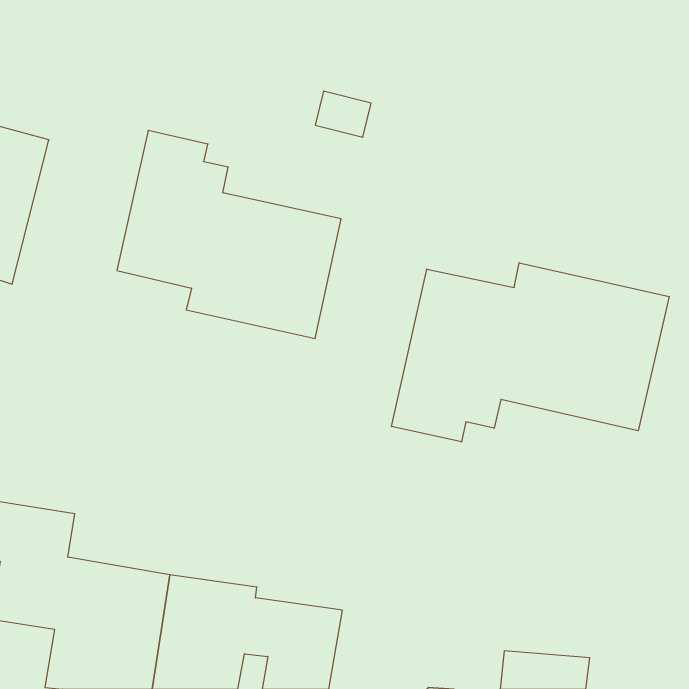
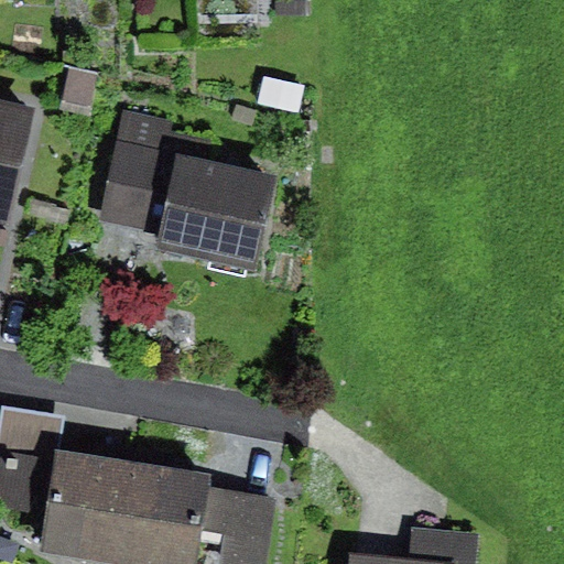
building: [392,263,669,442] -> none

